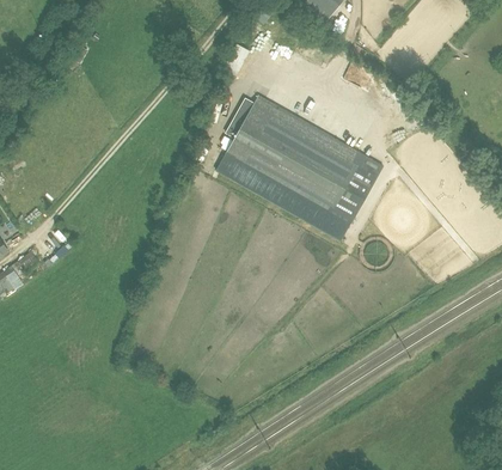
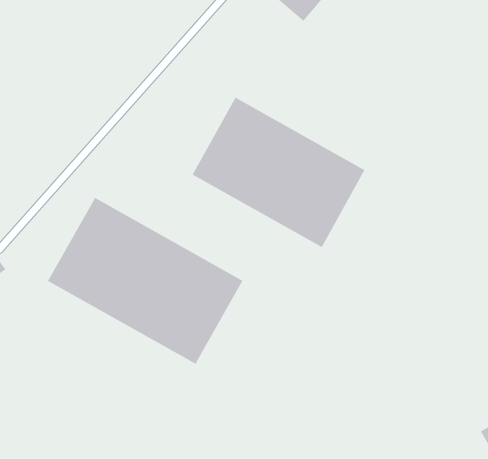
building: none -> [47,197,244,365]

